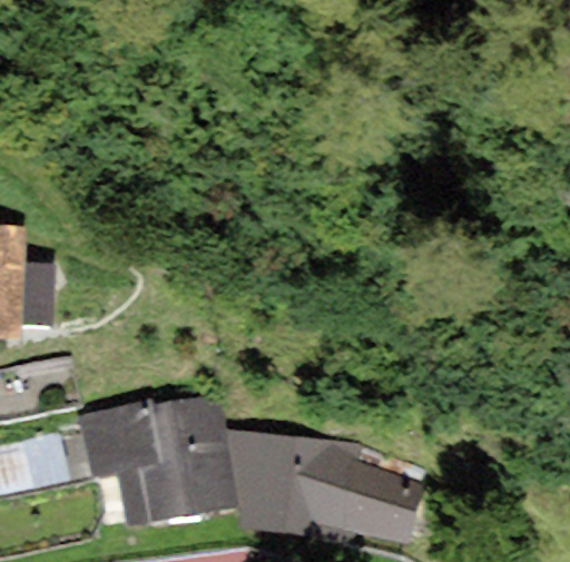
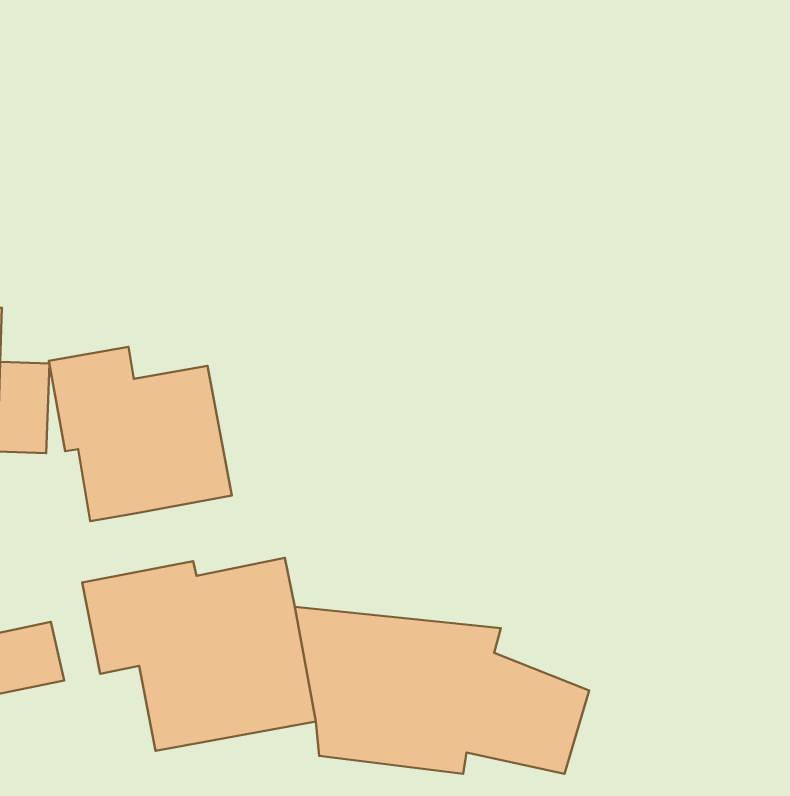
building: none -> [49,347,232,521]

